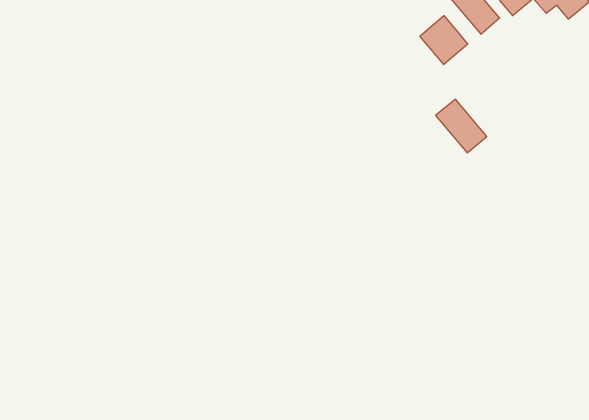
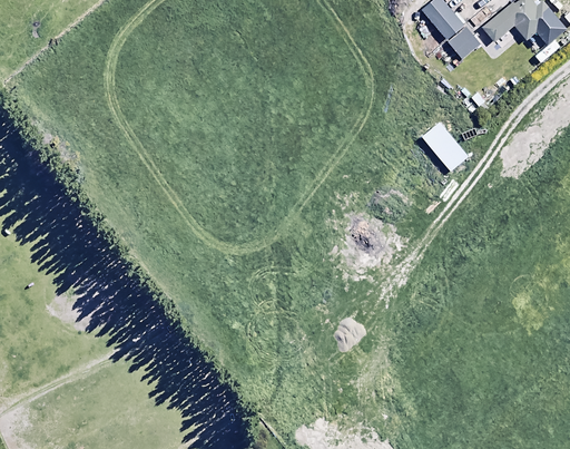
building: [420,16,468,65] -> none

